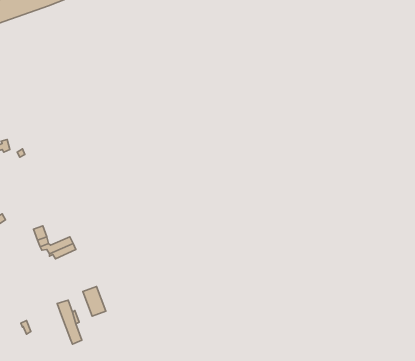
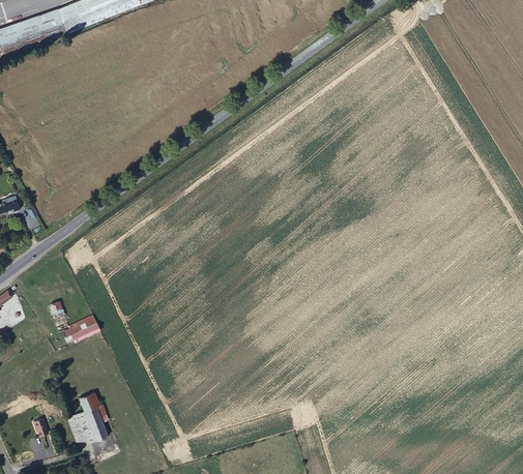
building: [83,286,106,316] -> [67,410,95,446]

